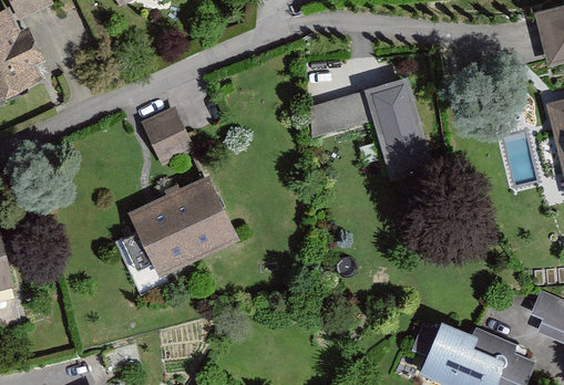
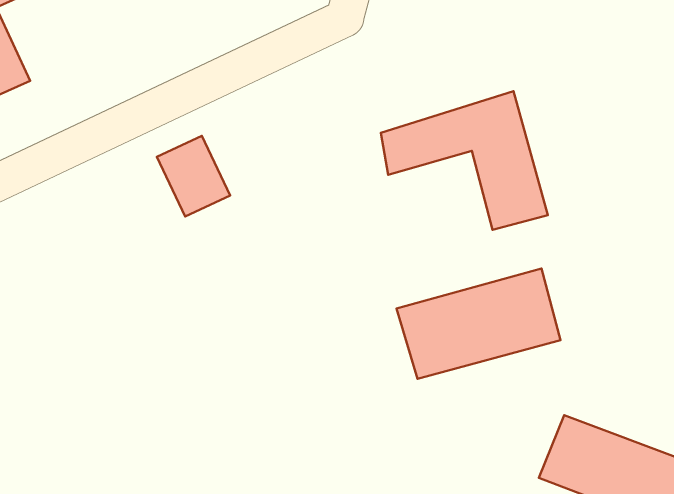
building: [140,183,235,264] -> none
building: none -> [397,268,560,379]

